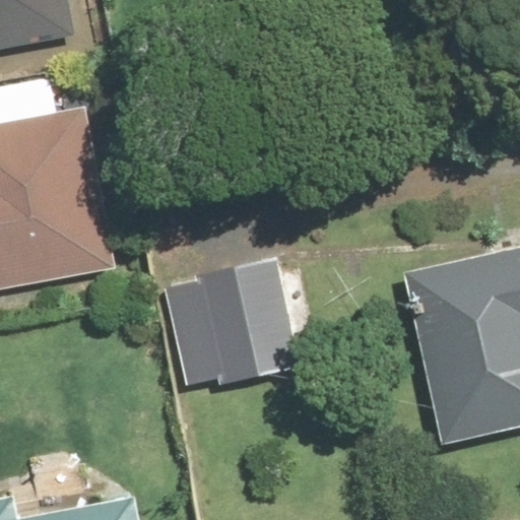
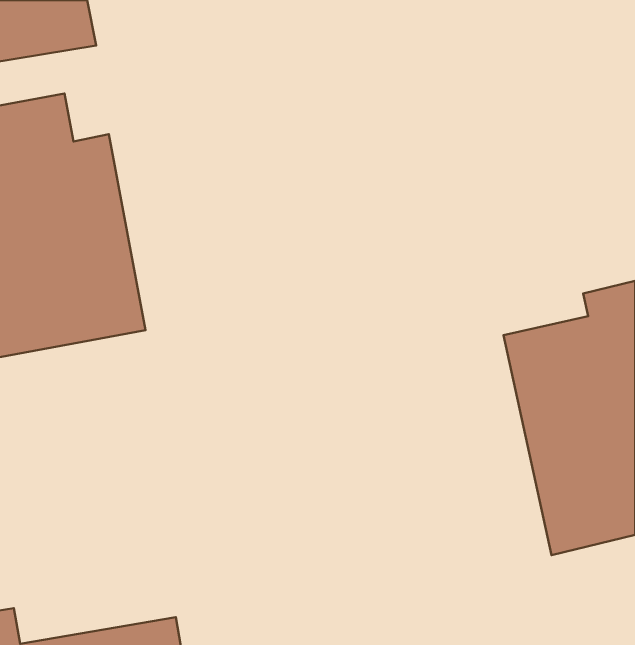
building: [159,256,307,393] -> none

